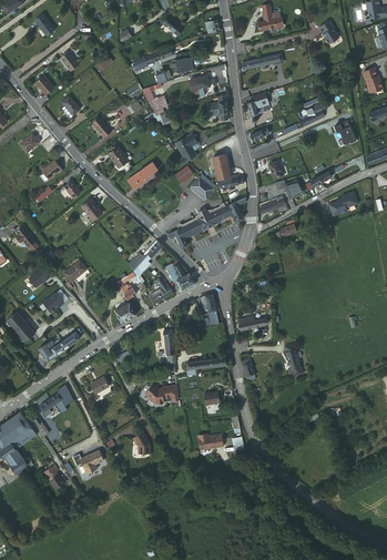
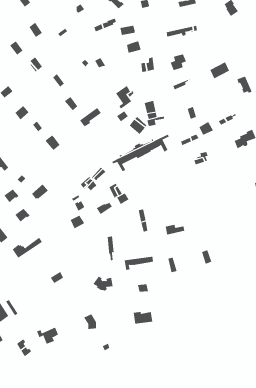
building: [39,385,73,416] -> none

